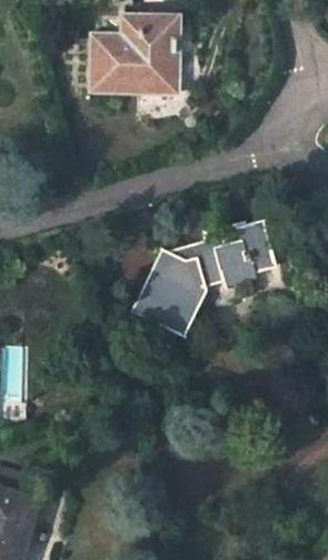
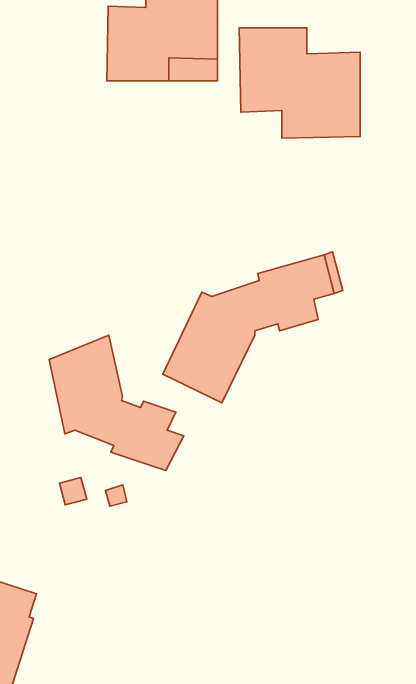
building: none -> [239,28,360,138]
building: none -> [49,335,184,470]

